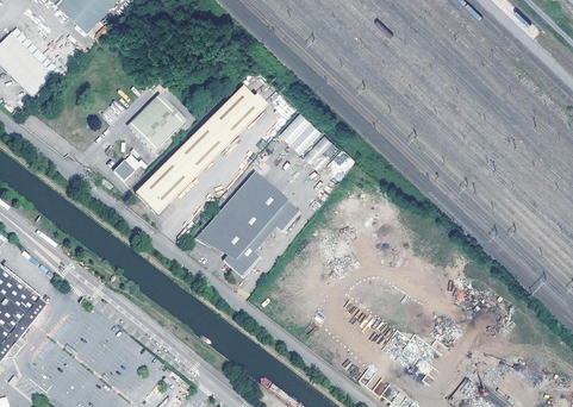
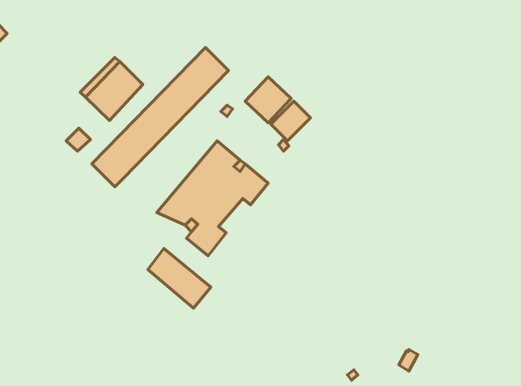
building: none -> [148,249,211,308]

